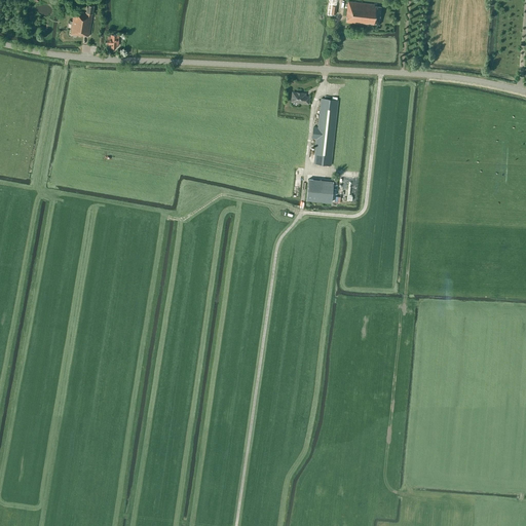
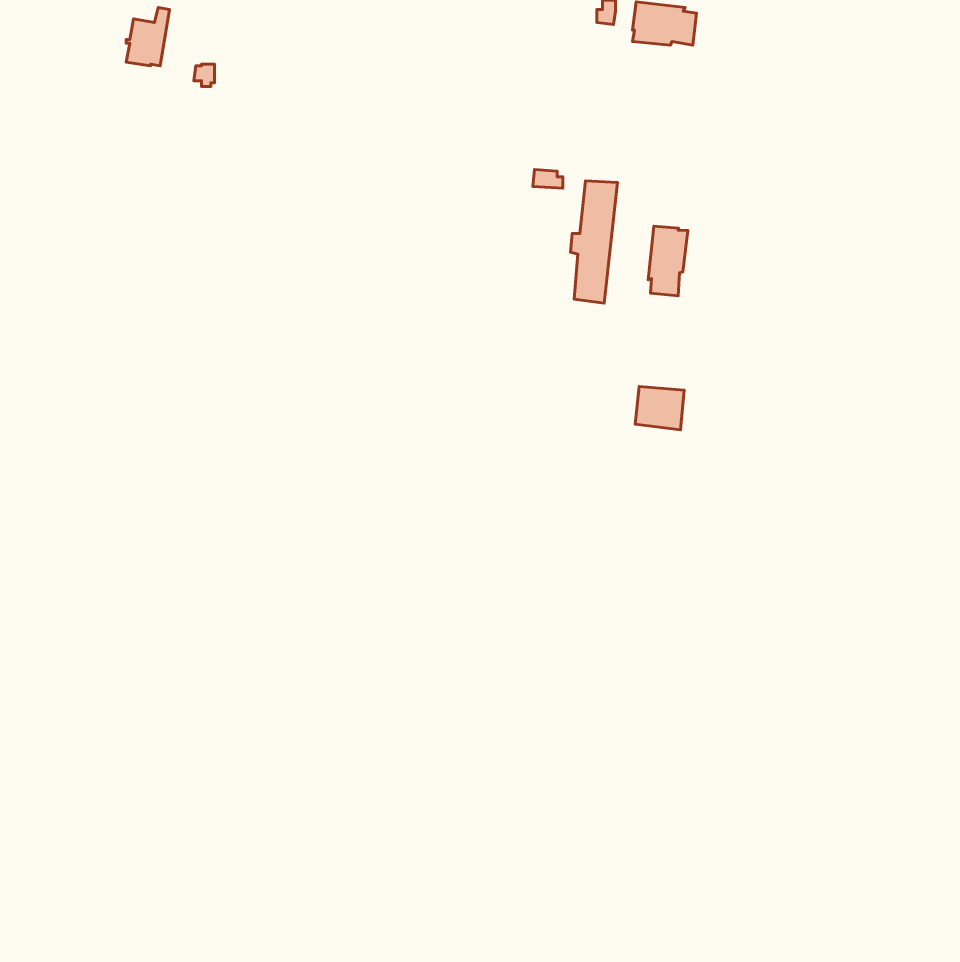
building: none -> [648,226,688,296]
building: [305,179,332,202] -> [635,386,684,430]

